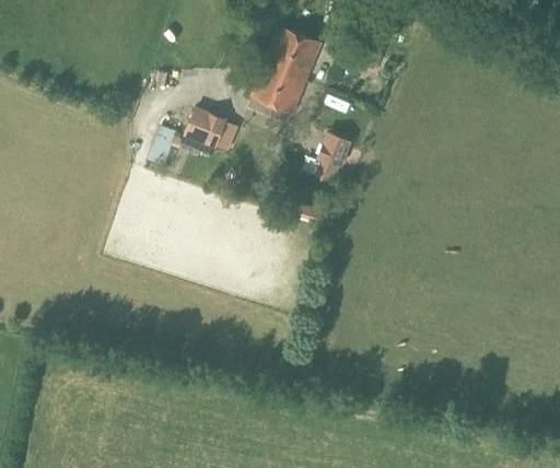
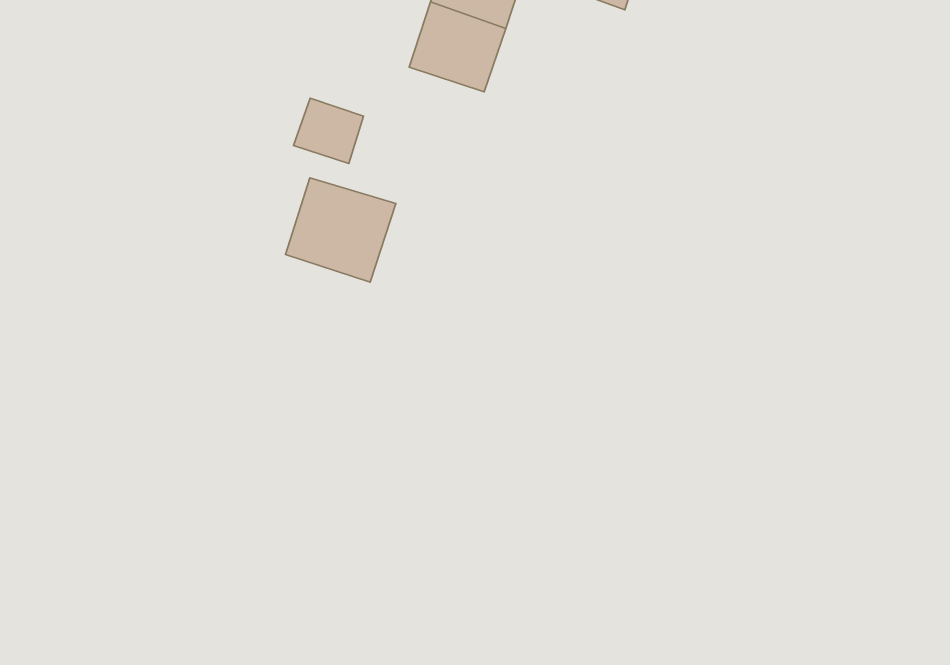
building: [319,134,354,171] -> none
building: none -> [286,178,396,282]

